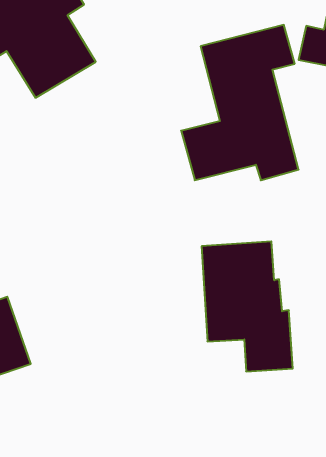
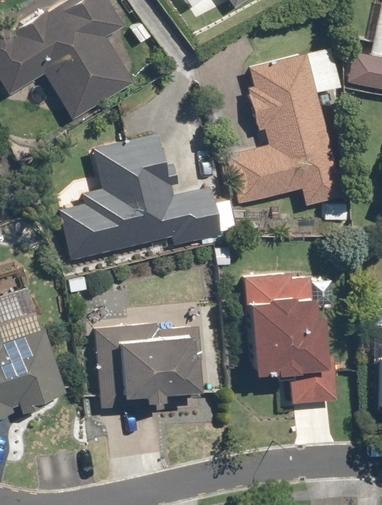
building: none -> [54,131,221,261]
building: none -> [93,322,205,408]

